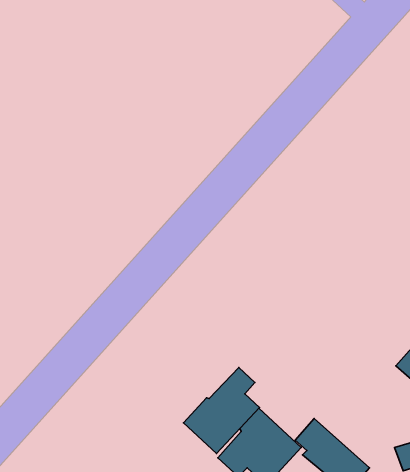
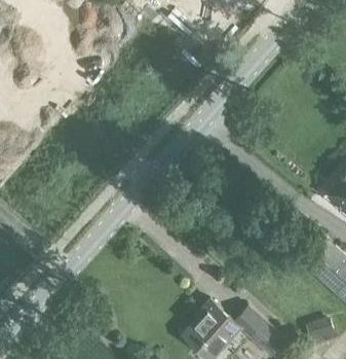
building: [183,368,259,453] -> none

